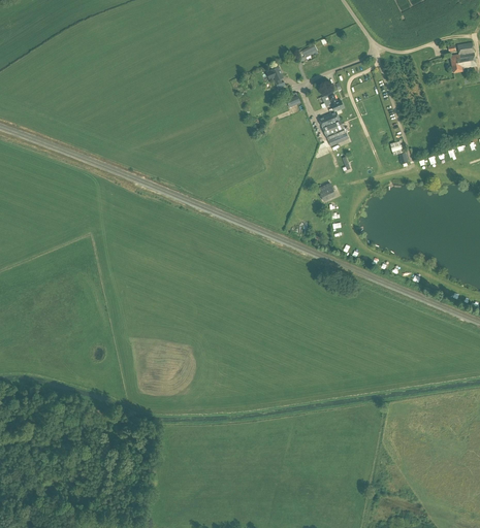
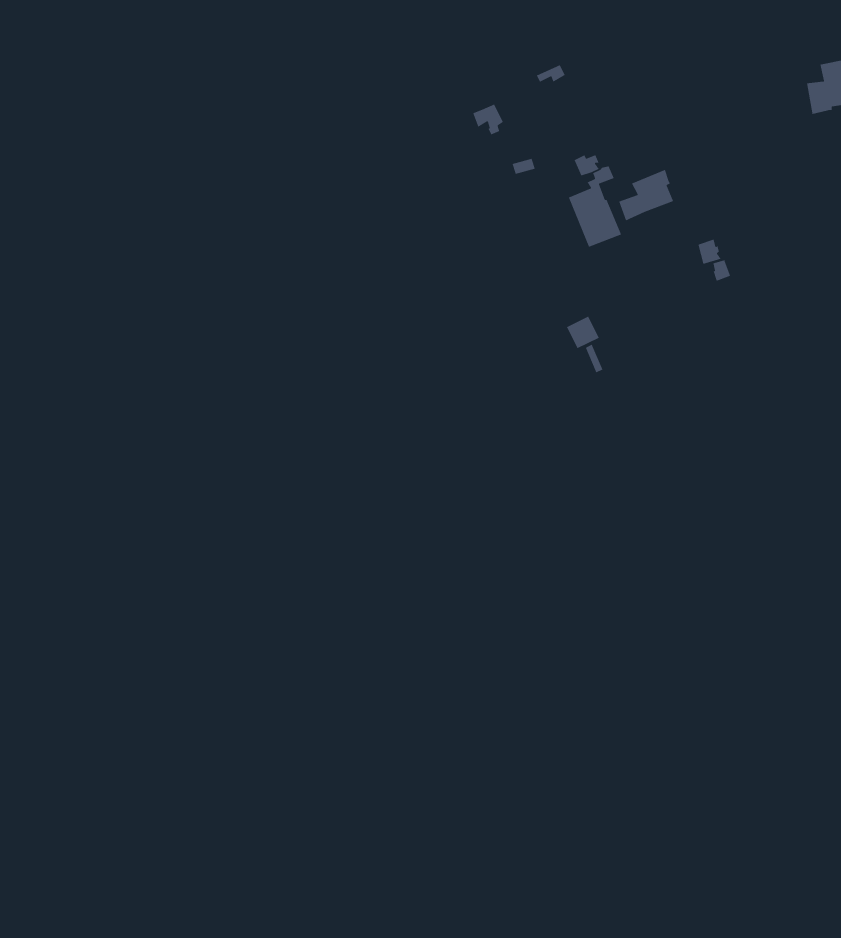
building: none -> [618,169,674,222]

